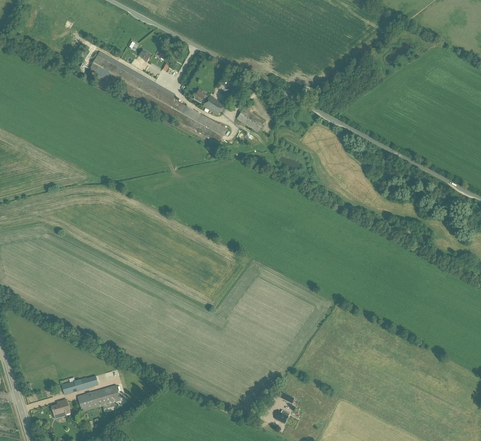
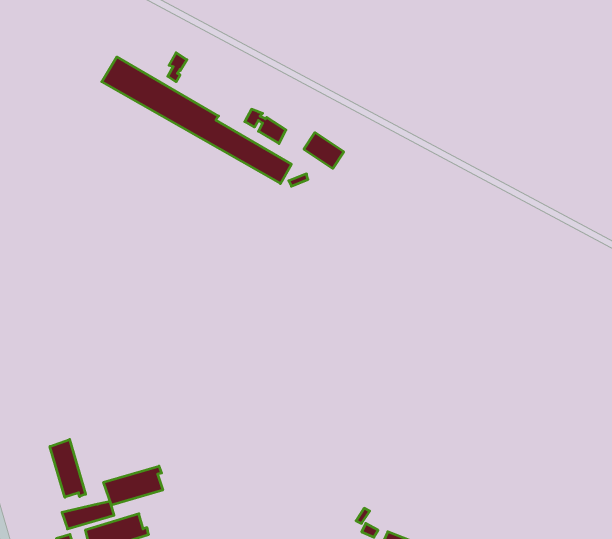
building: none -> [50,439,86,497]
building: none -> [104,466,163,505]

